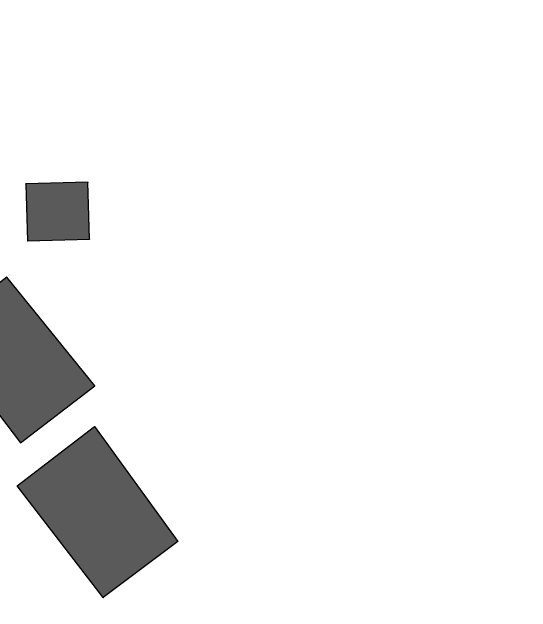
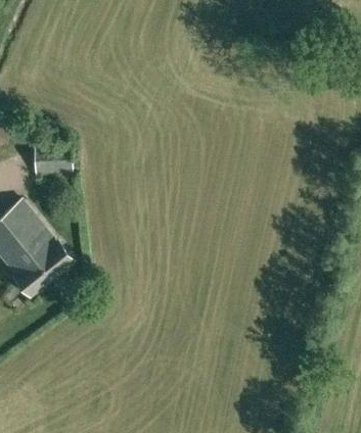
building: [17,427,178,598] -> none

